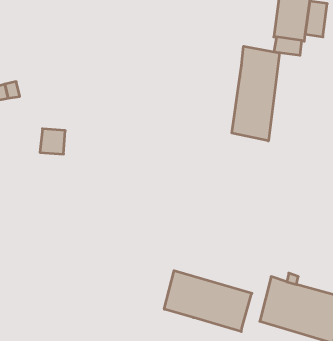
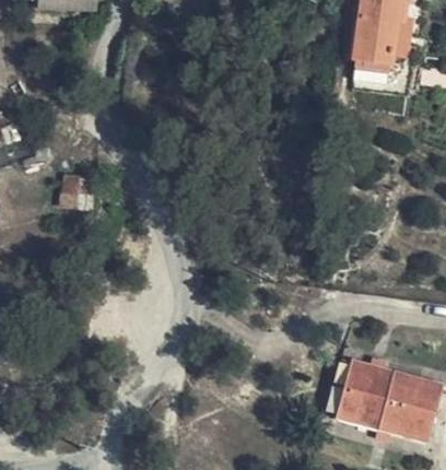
building: [232,46,280,141] -> none
building: [164,271,252,332] -> none

